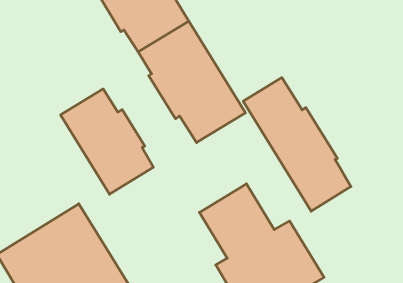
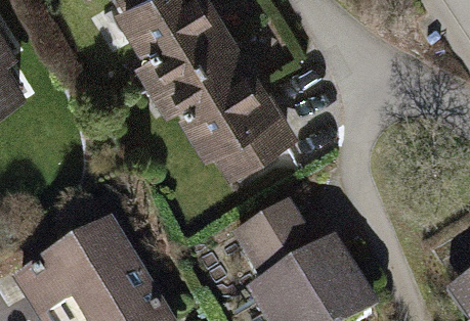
building: [243,78,351,211] -> none
building: [61,89,153,194] -> none

